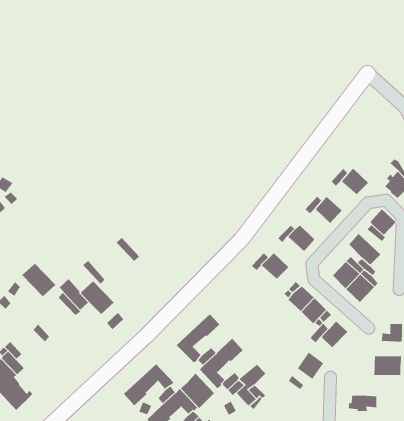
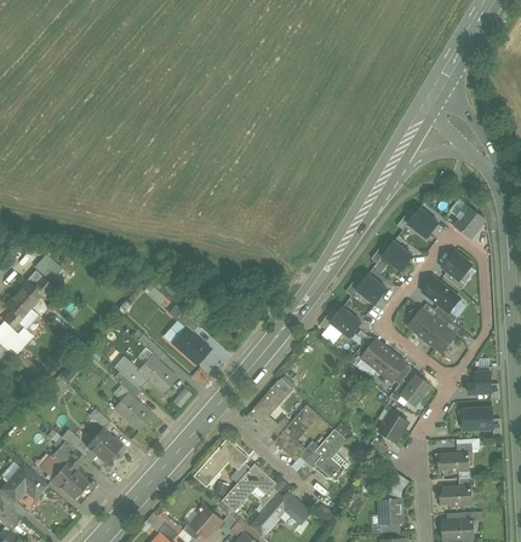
building: none -> [171,328,210,364]
building: [21,263,56,297] -> [113,393,151,429]
building: none -> [85,429,120,462]
building: [180,373,215,409] -> none

